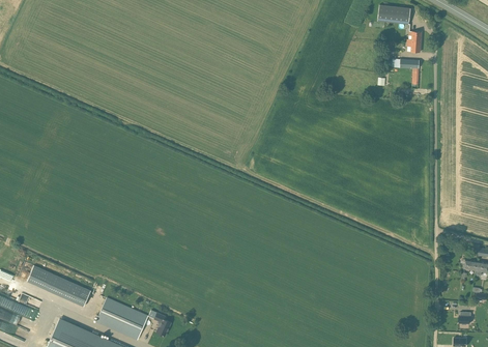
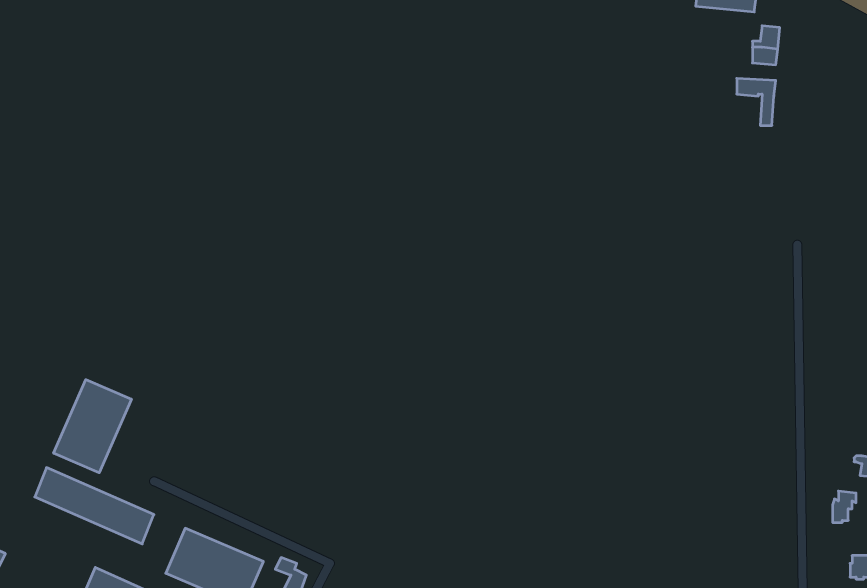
building: none -> [54,380,131,473]

